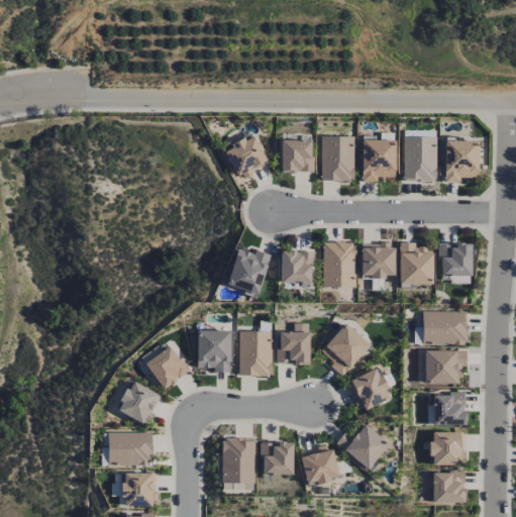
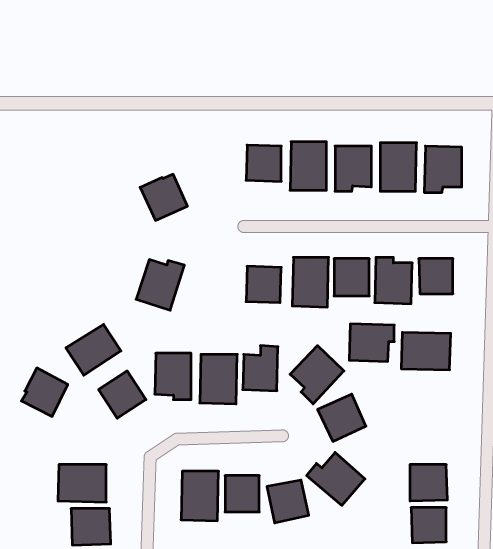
building: [225,136,269,179] -> [140,174,187,220]
building: [226,249,271,296] -> [136,260,184,310]
building: none -> [66,324,121,375]
building: [425,350,467,385] -> [349,324,394,361]
building: [118,381,161,425] -> [21,368,68,416]
building: [433,394,466,425] -> none

